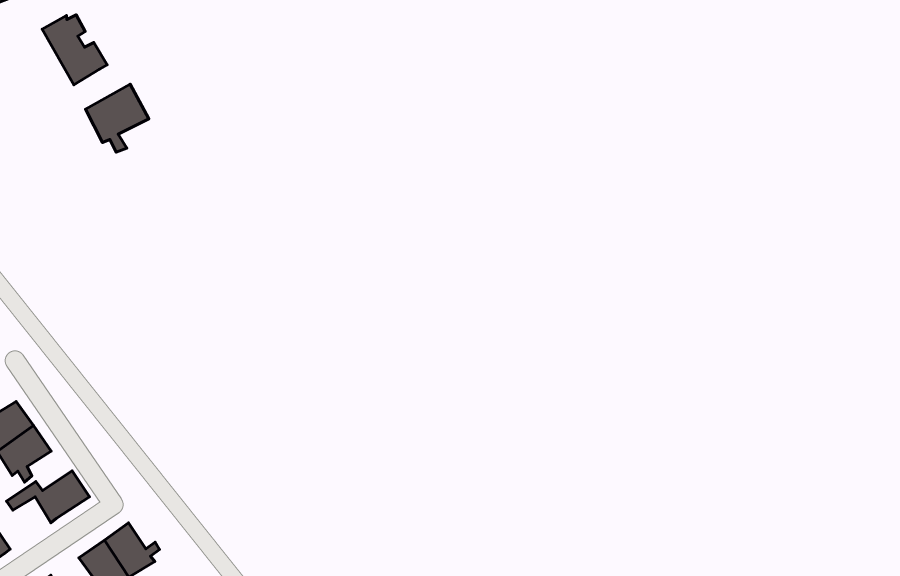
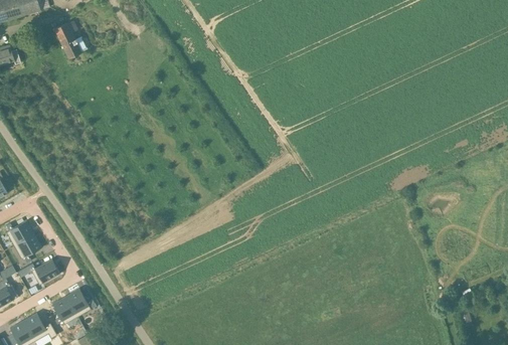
building: [85,84,149,152] -> none

